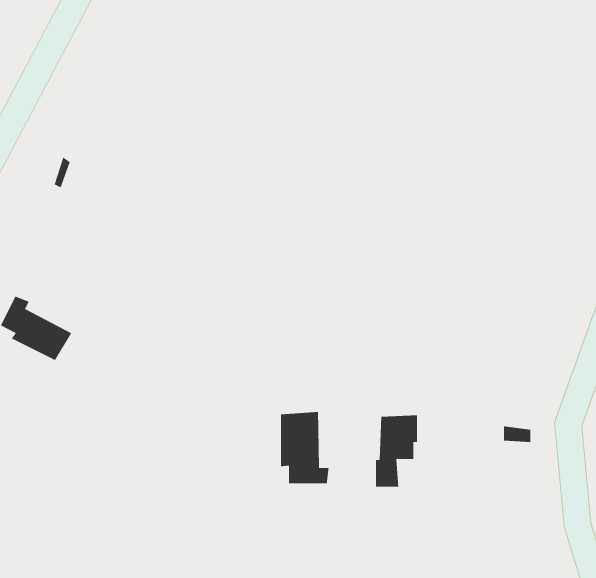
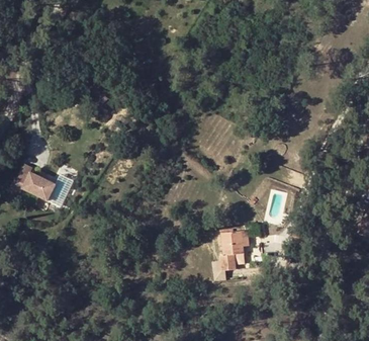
building: [281,411,329,484] -> none

